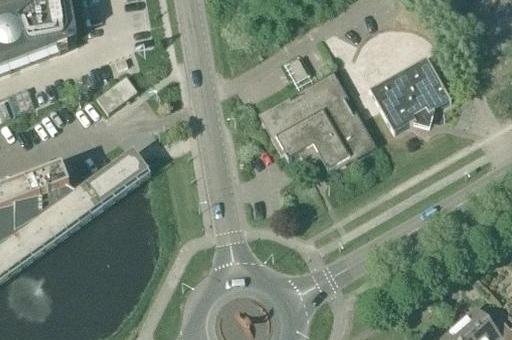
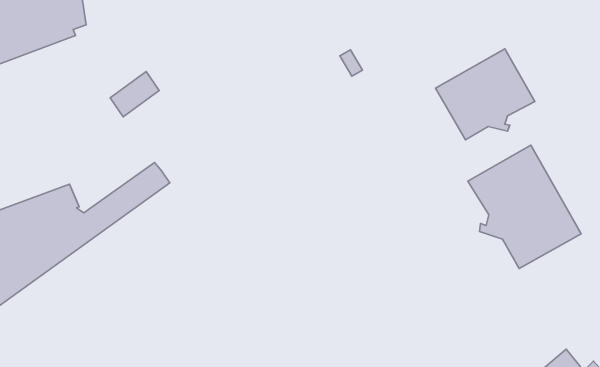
building: [263,77,370,170] -> none
building: none -> [468,145,581,268]

